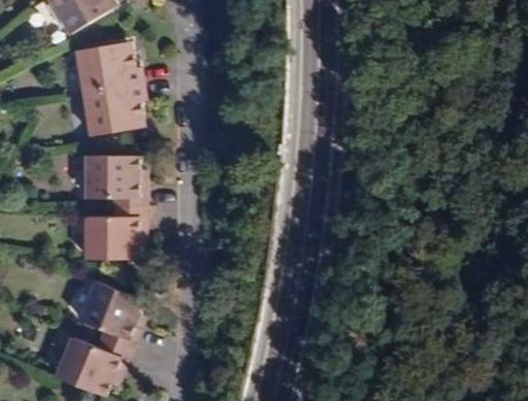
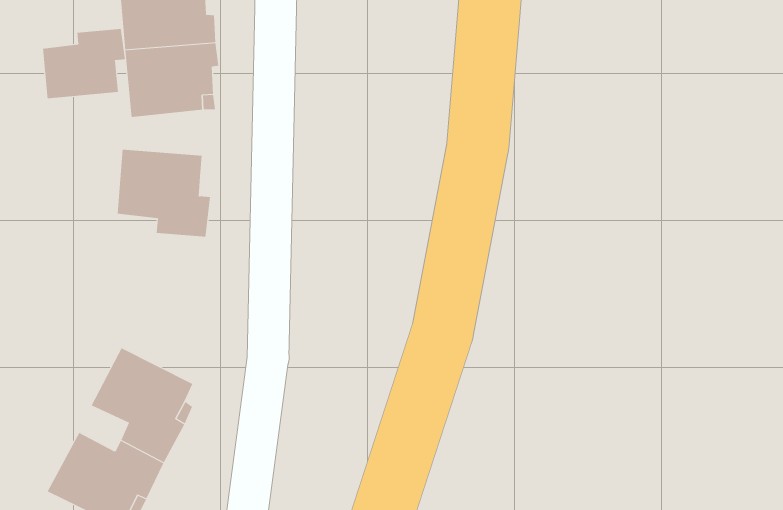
building: none -> [42,28,125,99]
building: [85,208,143,259] -> none

